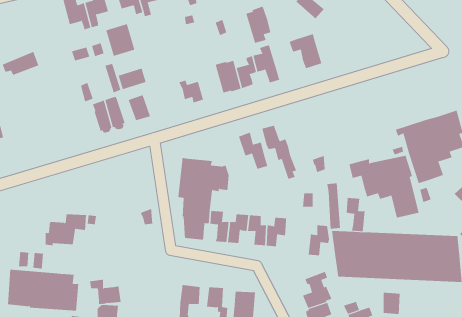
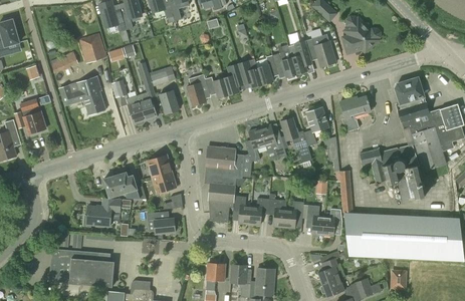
building: [246,6,271,43] -> [288,39,311,73]
building: none -> [343,17,380,52]
building: [105,23,135,57] -> [79,32,106,62]
building: none -> [223,62,245,94]
building: none -> [187,73,208,105]
building: none -> [58,75,106,114]
building: none -> [395,76,429,121]
building: none -> [339,95,371,130]
building: none -> [302,106,328,138]
building: none -> [244,127,265,163]
building: none -> [147,155,176,192]
building: none -> [103,172,146,199]
building: [346,198,366,232] -> [306,204,324,235]
building: [89,279,121,304] -> [147,211,176,234]

